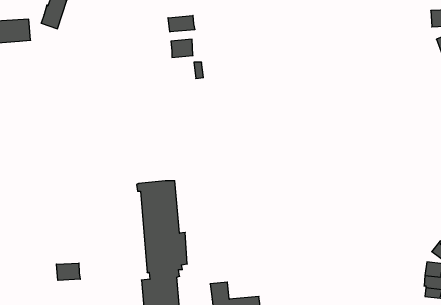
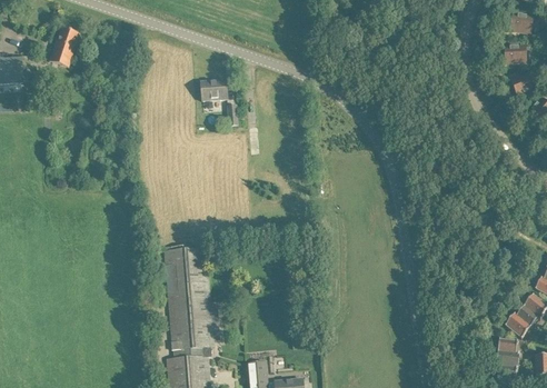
building: [168,15,195,32] -> none
building: [56,263,80,280] -> none

